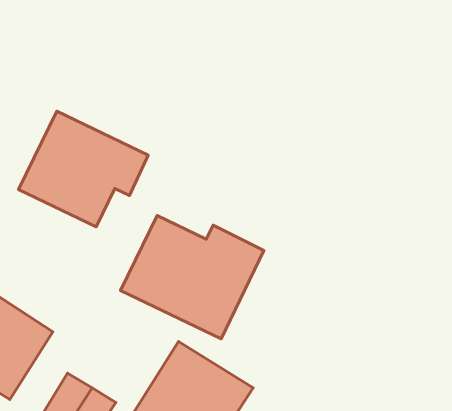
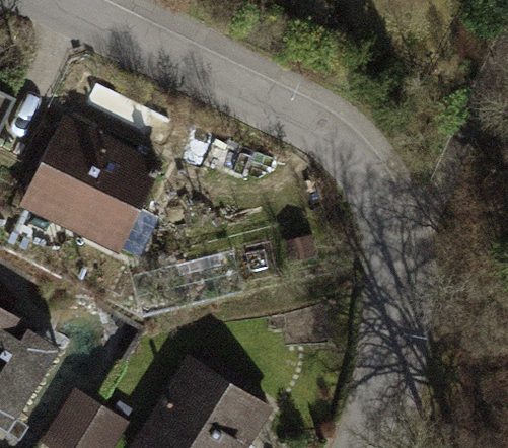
building: [121,216,264,339] -> none

